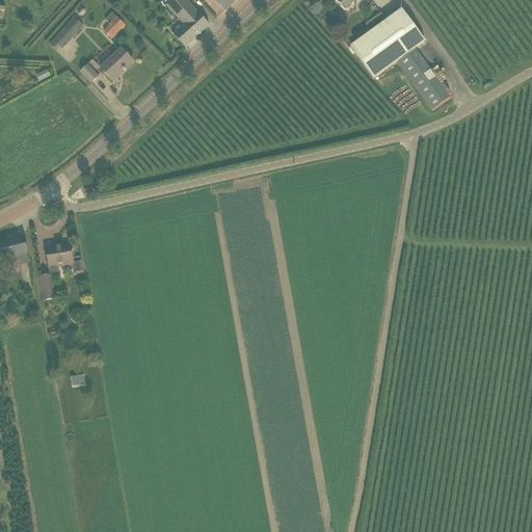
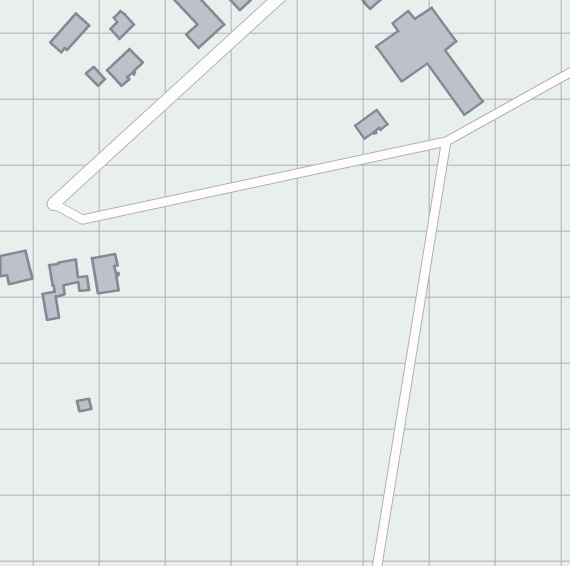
building: none -> [355,110,388,139]
building: none -> [92,254,119,293]

